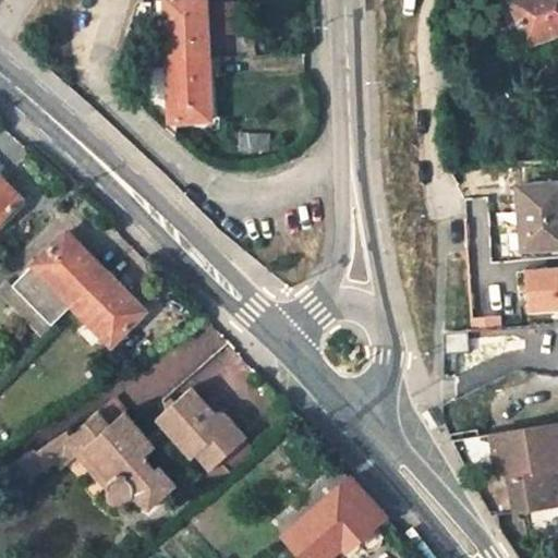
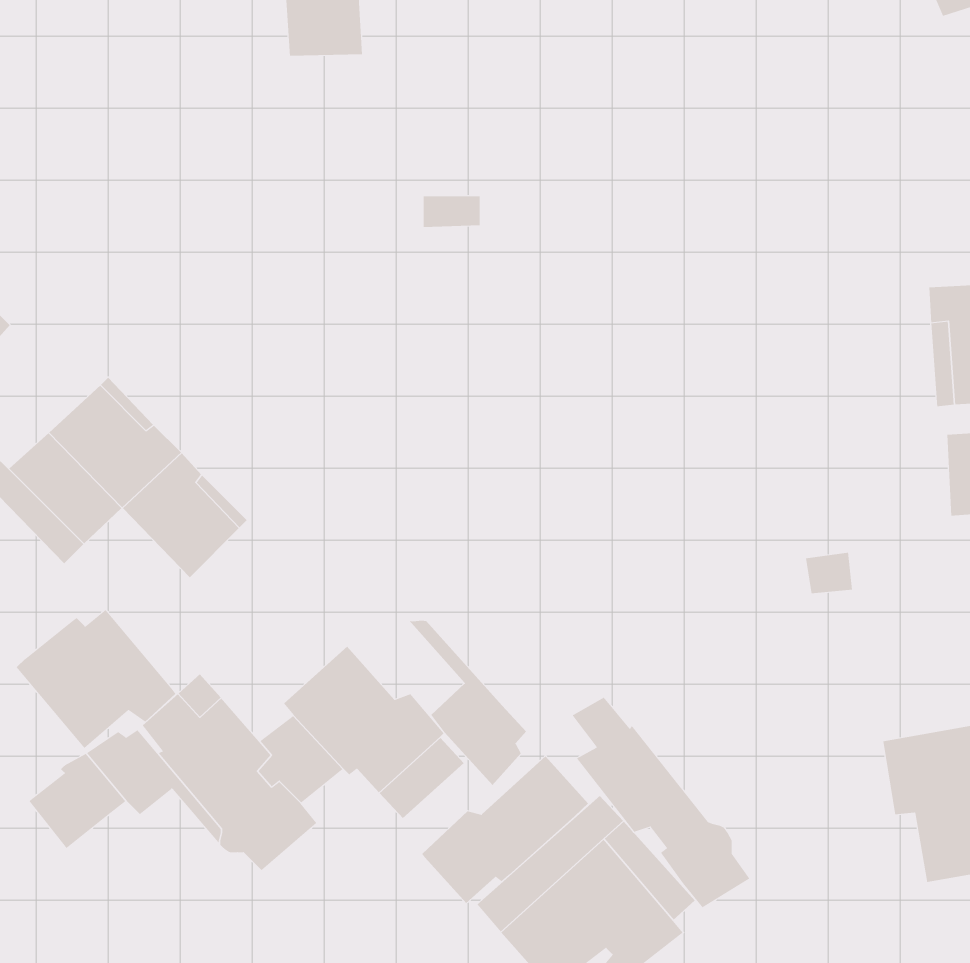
building: [166,59,209,123] -> none
building: none -> [16,609,176,749]
building: none -> [408,620,527,786]
building: none -> [572,697,750,908]
building: none -> [421,755,589,904]

